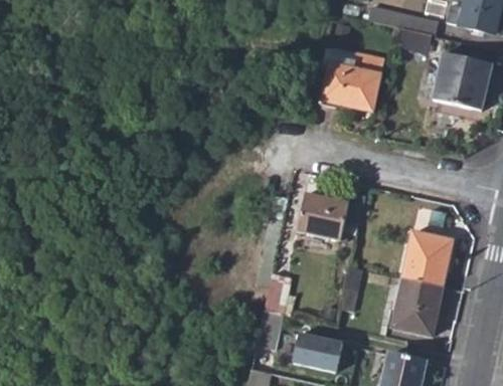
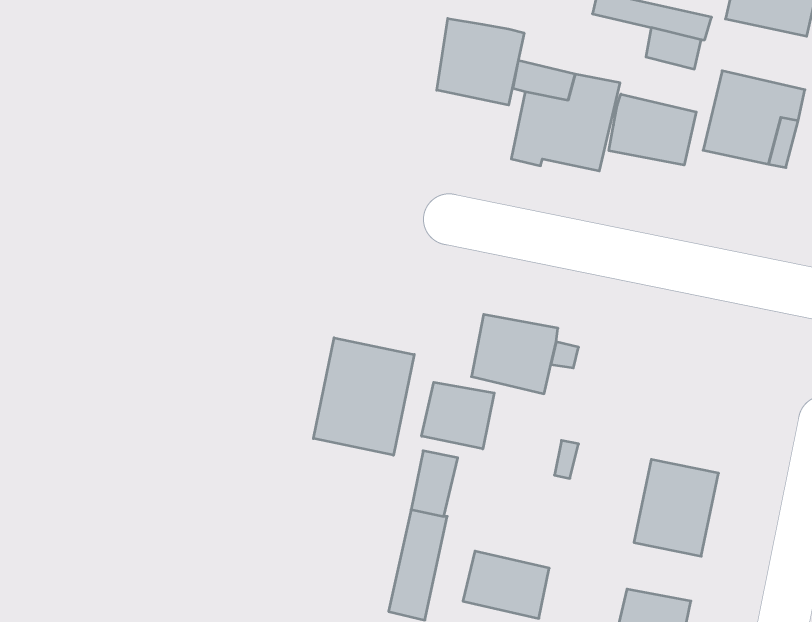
building: none -> [437,18,524,105]
building: none -> [609,94,696,165]
building: none -> [313,338,414,455]
building: [402,230,452,286] -> none
building: none -> [422,382,494,449]

